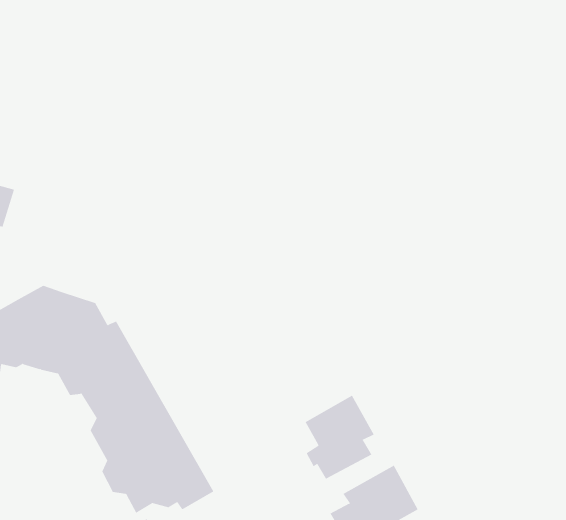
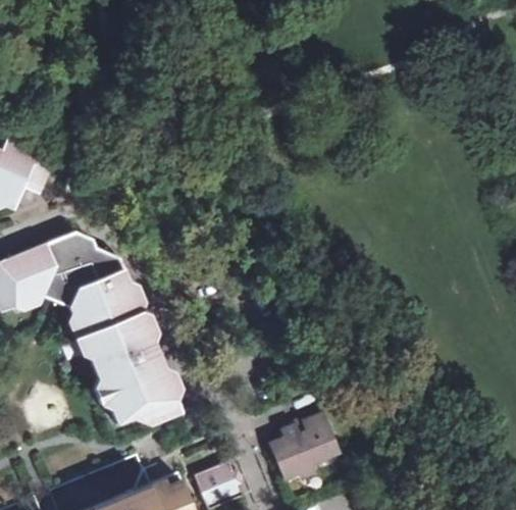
building: [305,395,374,479] -> none

